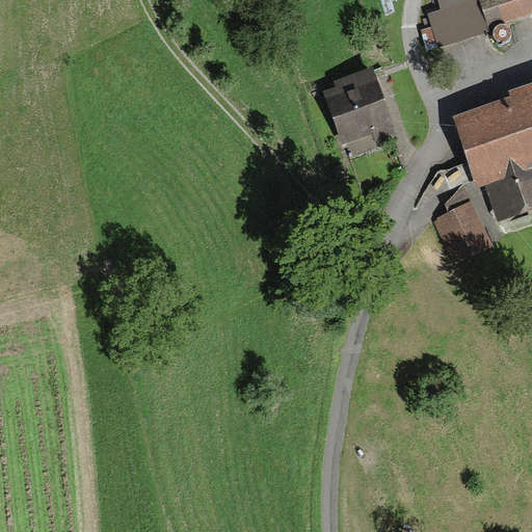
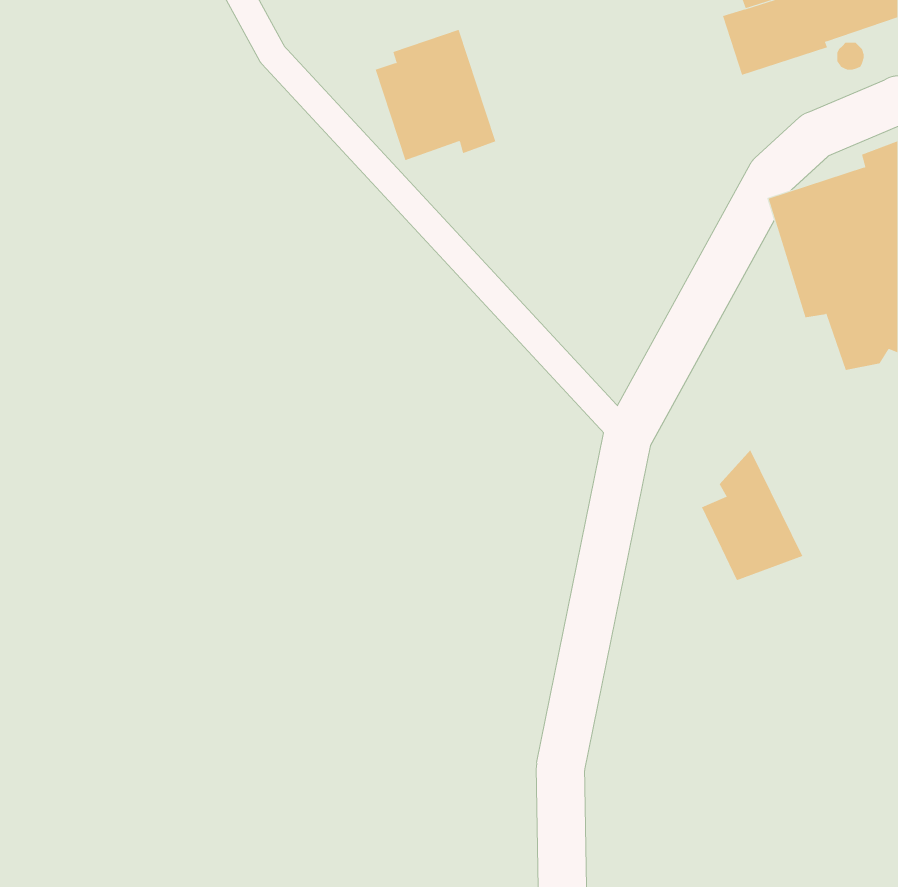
building: [324,65,396,143] -> [375,29,496,161]
building: [434,182,495,260] -> [701,449,803,581]

